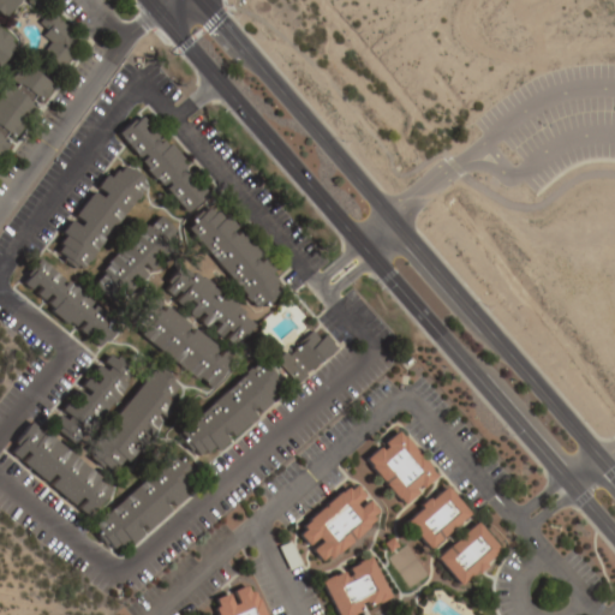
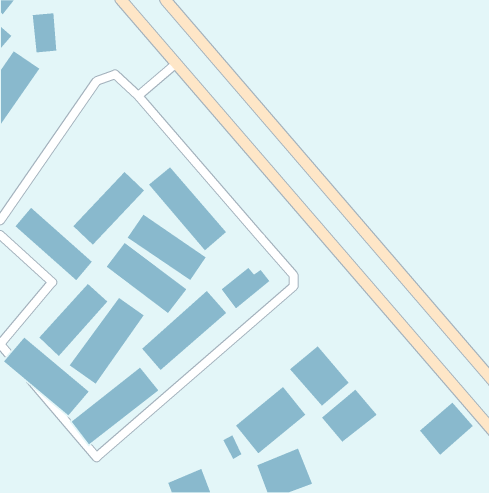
building: [121,114,210,215] -> none
building: [55,160,153,273] -> none
building: [438,520,507,587] -> [419,402,474,456]

